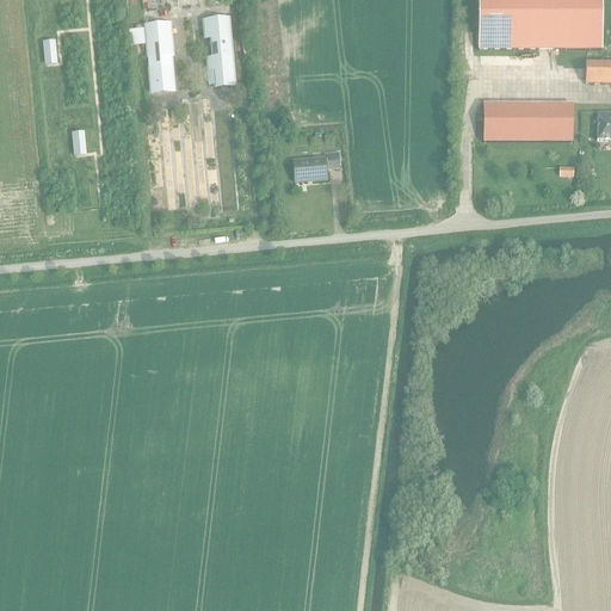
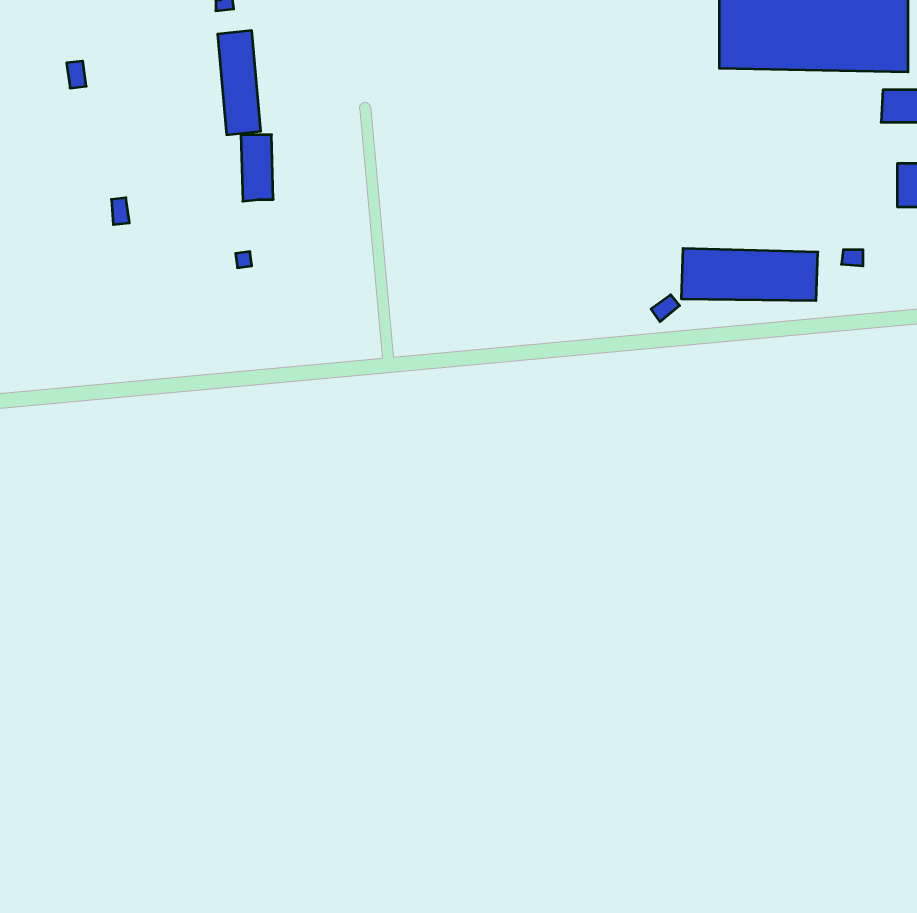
building: [206,16,235,84] -> none
building: [482,100,573,135] -> [681,248,818,301]
building: [294,152,341,181] -> none

